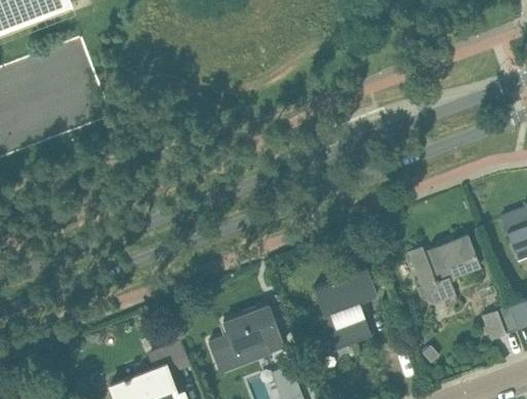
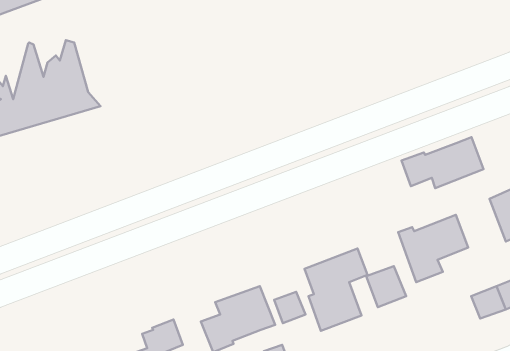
building: none -> [401,137,484,188]
building: none -> [366,266,406,307]
building: none -> [274,292,305,323]

